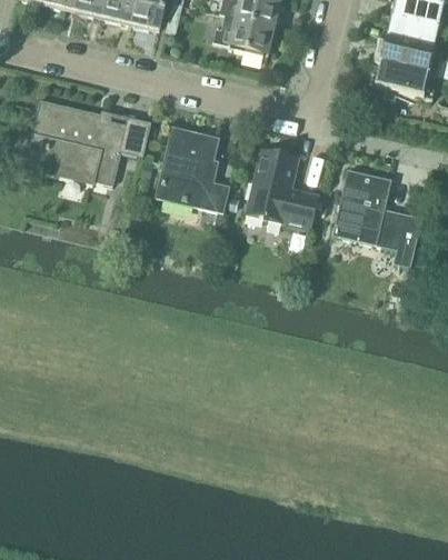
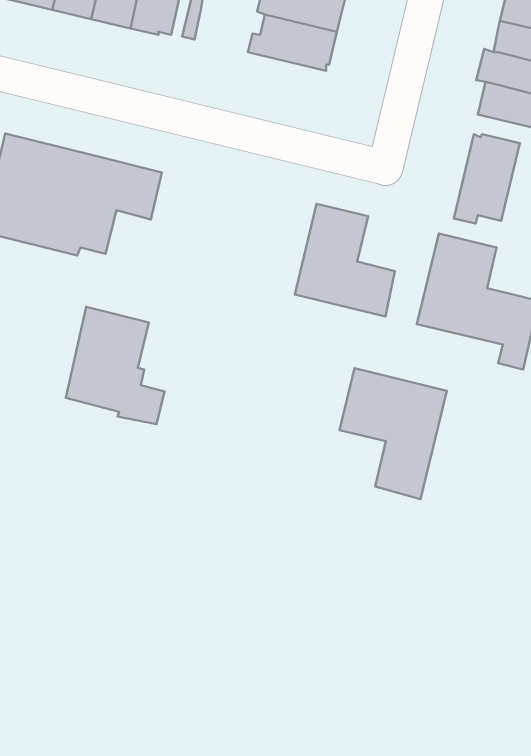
building: none -> [454,134,520,224]
building: [159,127,229,210] -> [66,307,164,424]
building: none -> [340,368,447,499]

